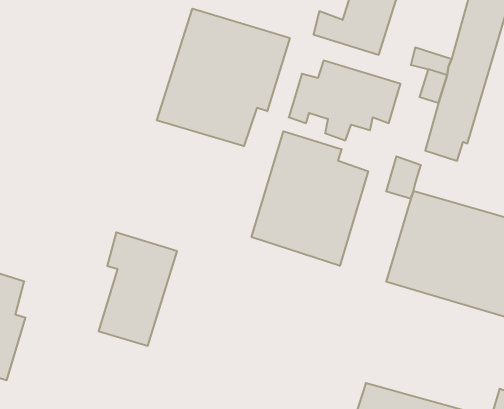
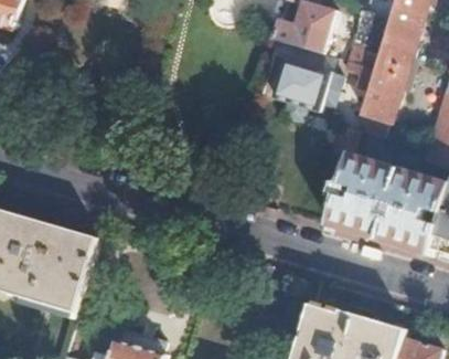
building: [157,9,290,146] -> none
building: [252,131,368,266] -> none
building: [99,232,177,346] -> [38,225,97,312]

